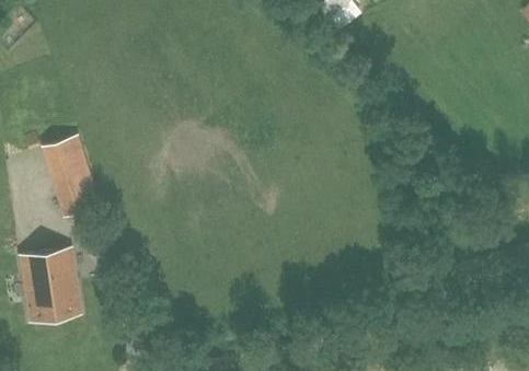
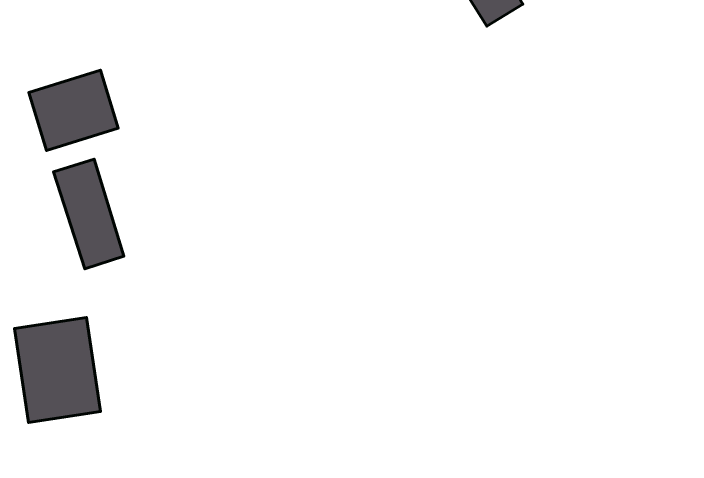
building: none -> [29,70,118,150]

